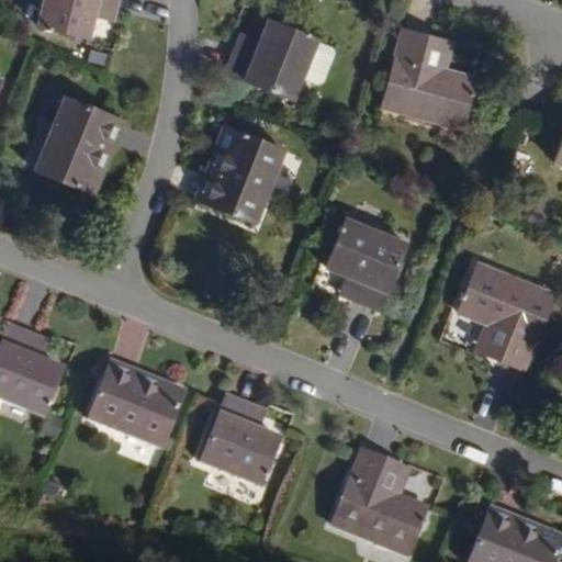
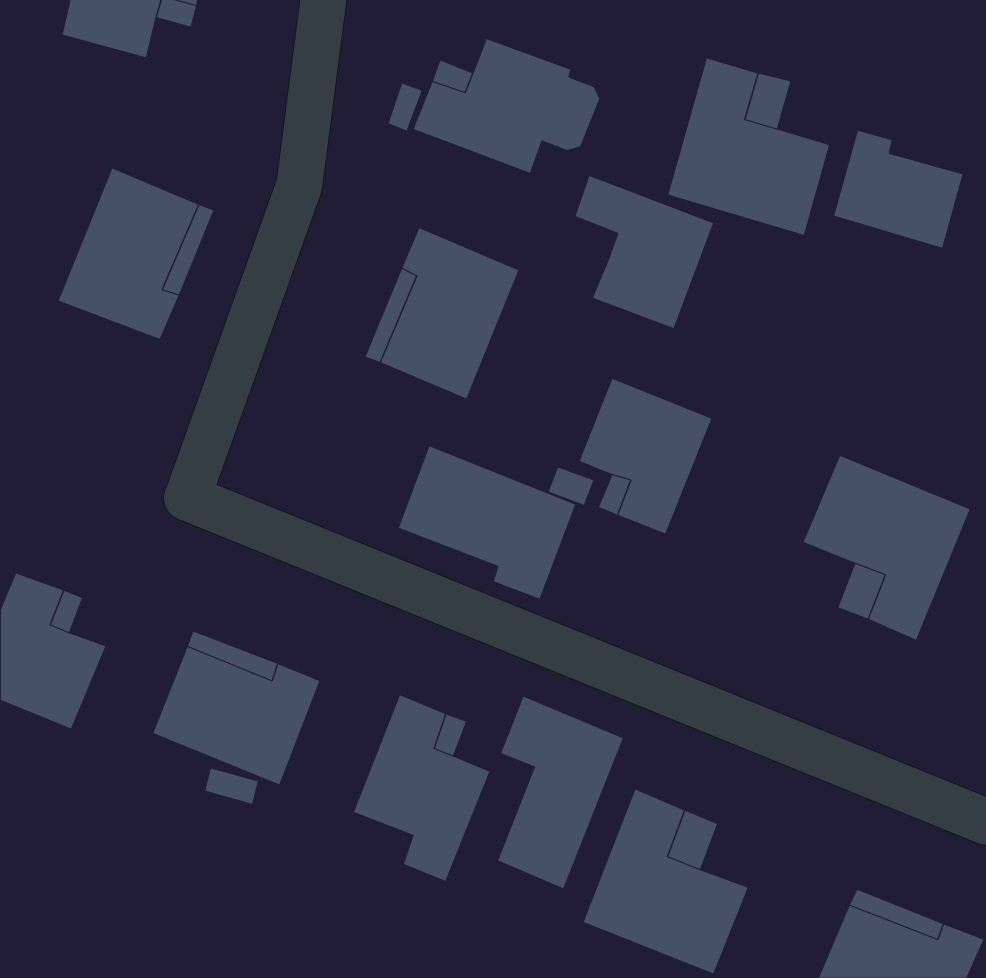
building: none -> [834,130,963,248]
building: none -> [575,175,714,329]
building: none -> [398,446,576,600]
building: none -> [497,696,623,889]

